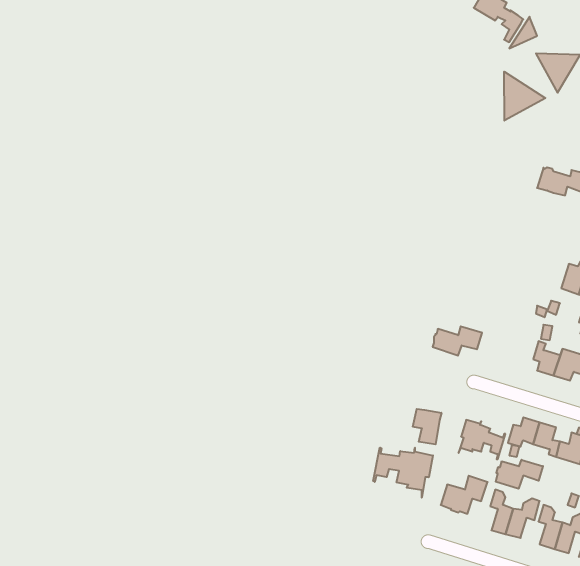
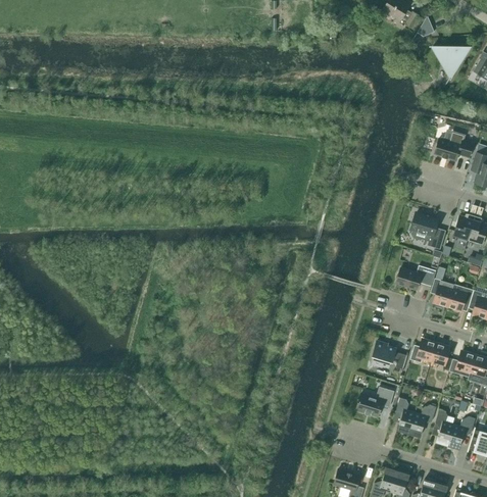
building: [504,72,545,121] -> none
building: none -> [411,214,446,250]
building: [433,326,482,356] -> [396,266,436,290]
building: [413,409,441,444] -> none
building: [373,448,433,498] -> none
building: [496,460,543,489] -> none

